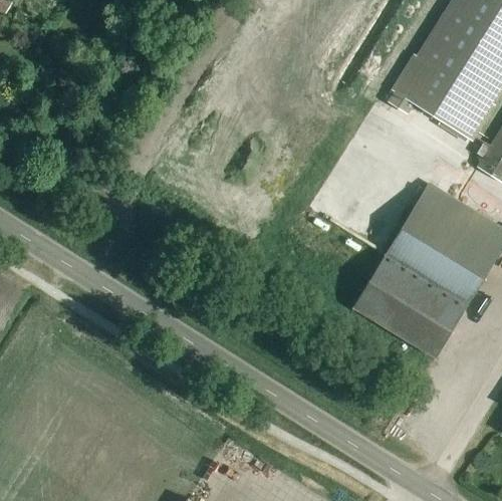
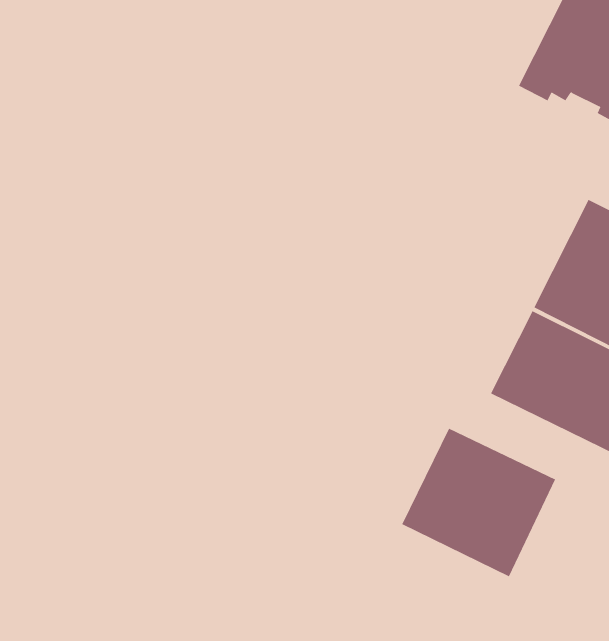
building: none -> [402,428,556,577]

